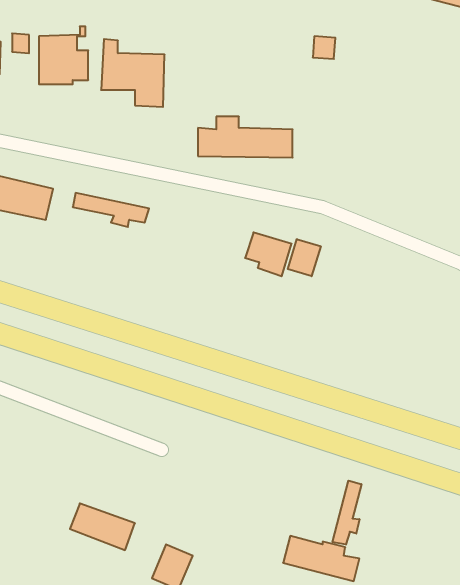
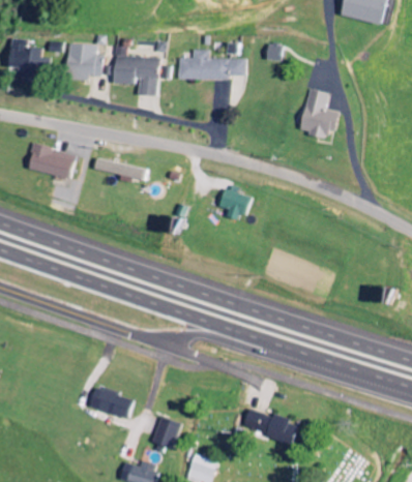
building: none -> [300,88,342,138]
building: [198,117,293,158] -> [177,49,246,79]
building: [288,239,321,276] -> none
building: [333,481,361,545] -> none

